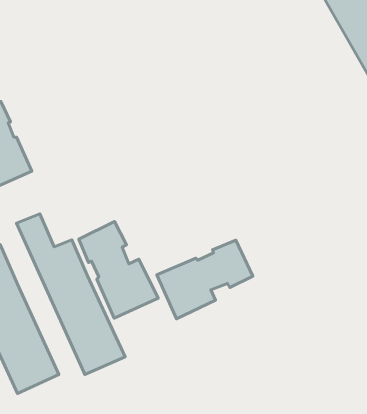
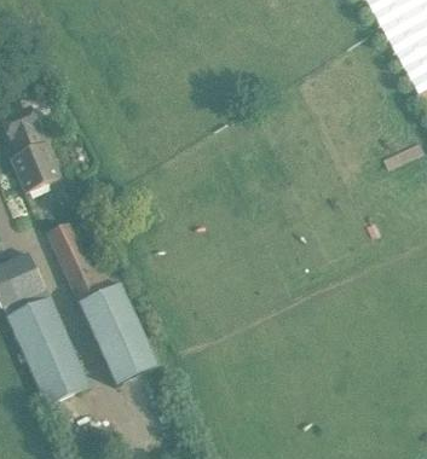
building: [79,222,158,318] -> none
building: [157,240,253,319] -> none

